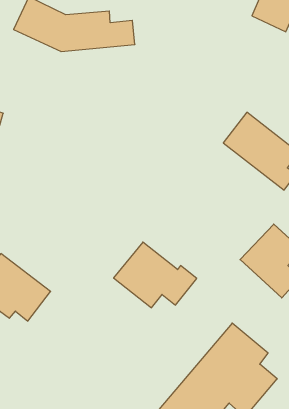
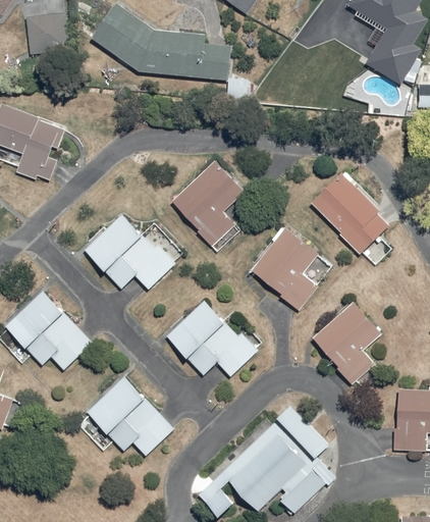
building: none -> [171,159,245,247]
building: none -> [249,227,331,309]
building: none -> [86,213,174,289]
building: none -> [73,376,173,455]

